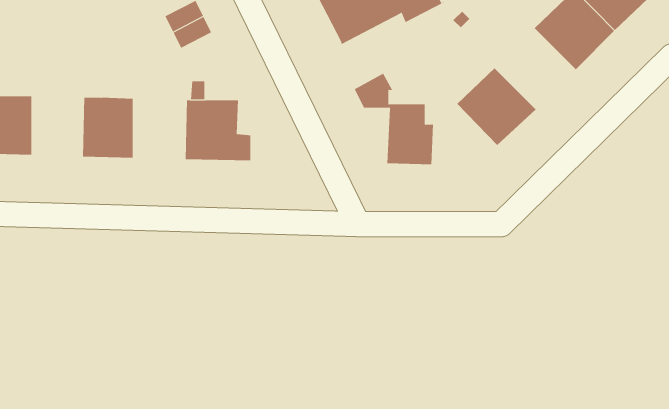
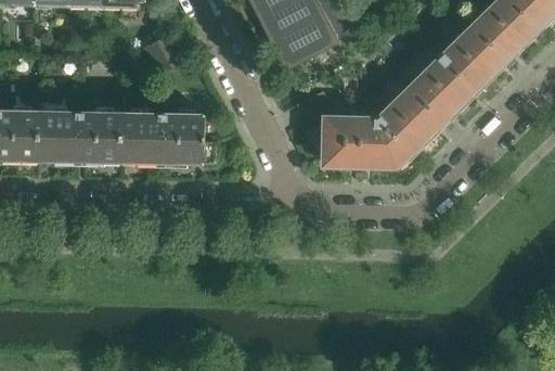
building: none -> [409,57,474,123]
building: none -> [38,112,79,161]
building: none -> [119,114,162,163]
building: none -> [353,118,411,167]

